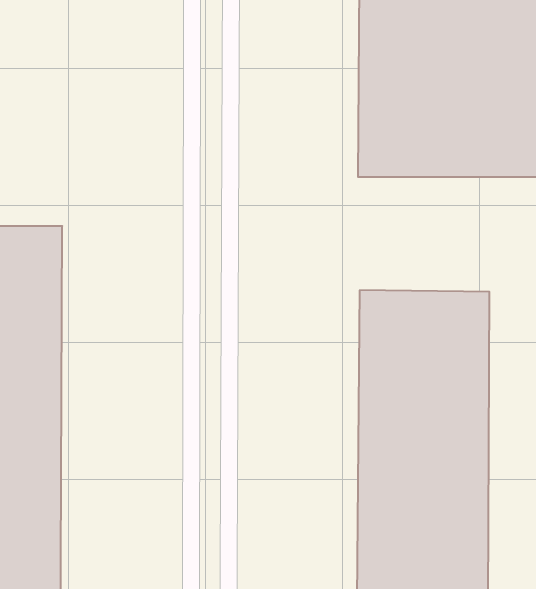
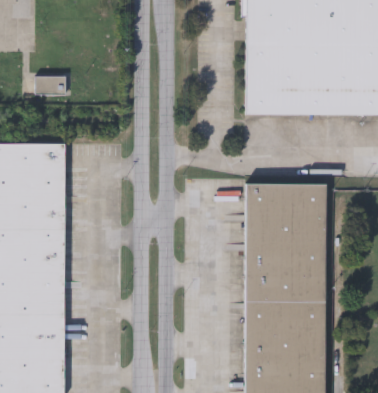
building: none -> [36,77,67,96]

